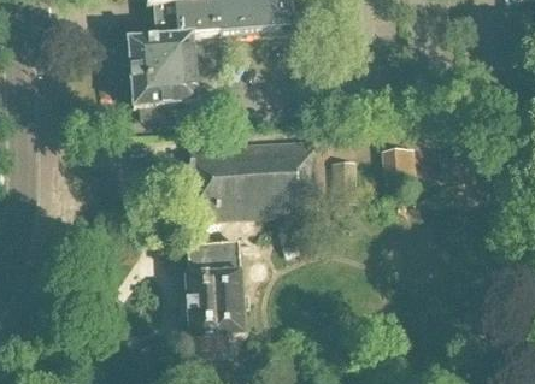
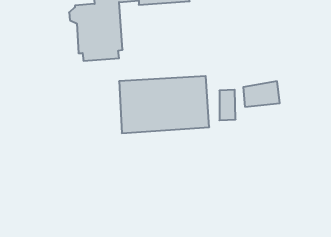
building: [186,238,245,353] -> none

